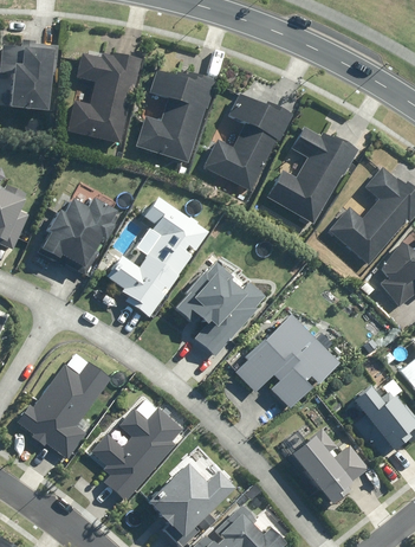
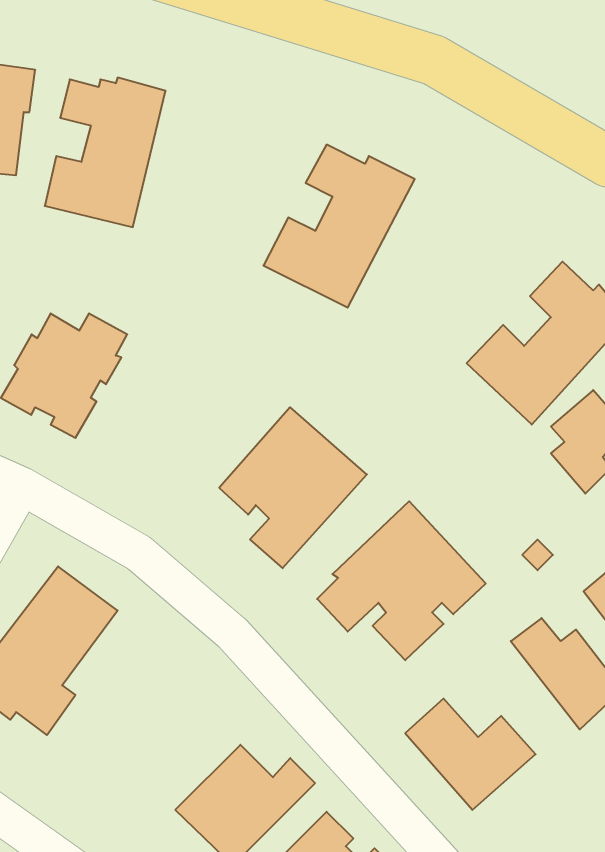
building: [132,67,216,163] -> none
building: [267,128,358,223] -> none
building: [104,197,207,317] -> none
building: [85,407,180,502] -> none

